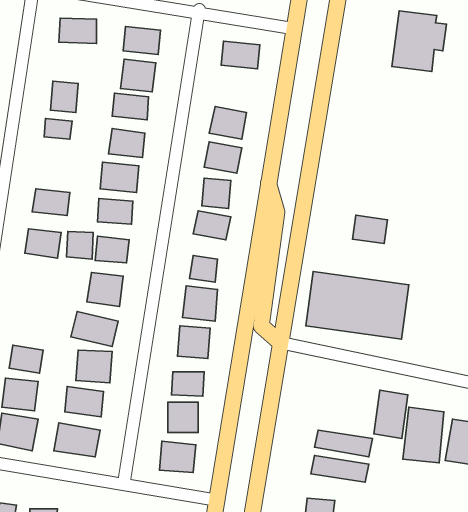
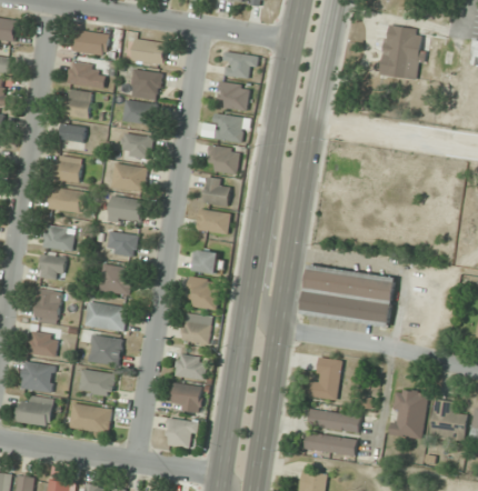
building: none -> [67,62,106,88]
building: none -> [217,82,249,110]
building: none -> [53,154,81,183]
building: [353,215,387,244] -> none
building: [67,231,93,259] -> [39,254,63,280]
building: none -> [31,287,62,324]
building: [374,390,408,439] -> [309,355,340,400]

